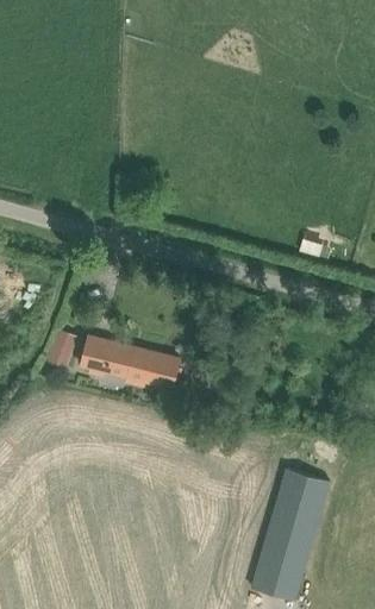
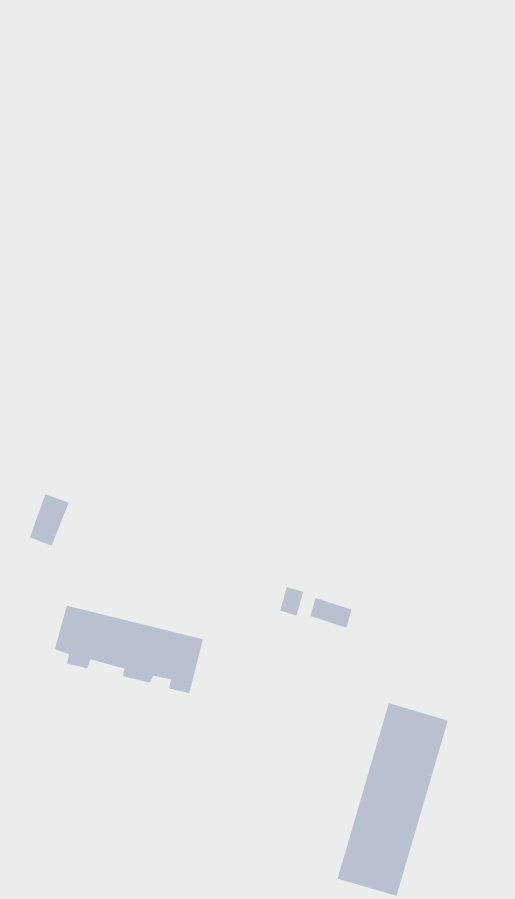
building: [80,334,180,394] -> [54,605,204,694]

